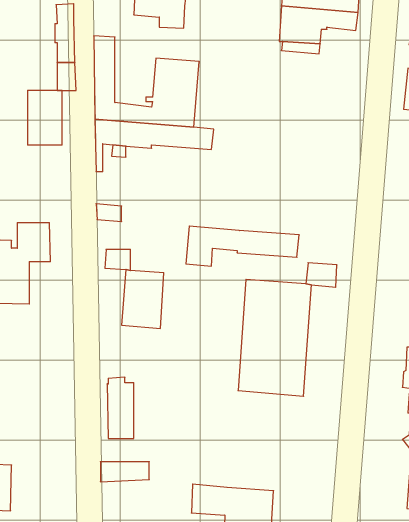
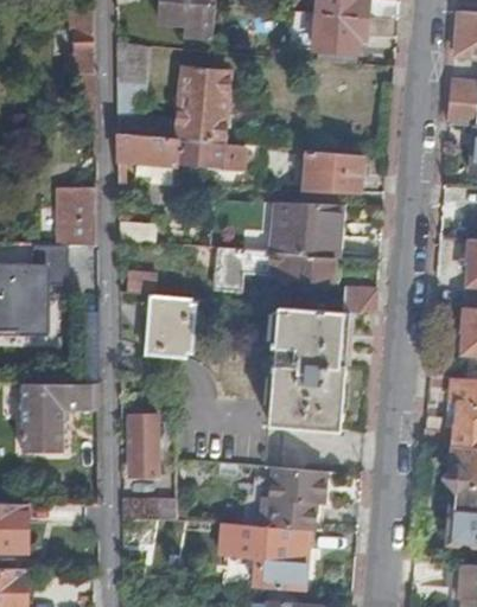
building: [28,90,62,145] -> [61,186,97,244]
building: none -> [304,149,363,193]
building: none -> [271,202,339,257]
building: none -> [21,383,100,451]
building: none -> [257,467,332,530]

